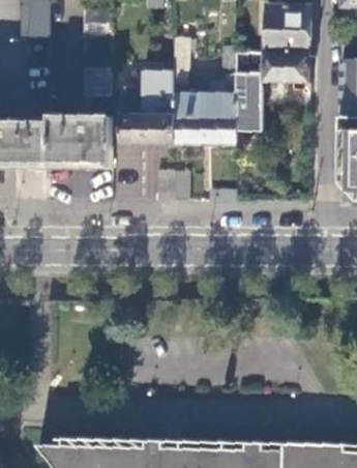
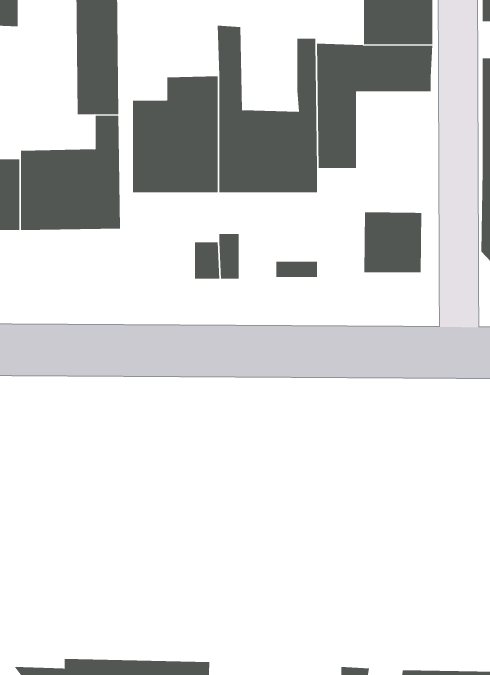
building: none -> [364,212,422,273]

